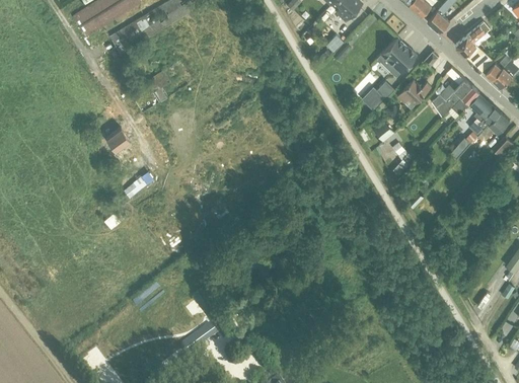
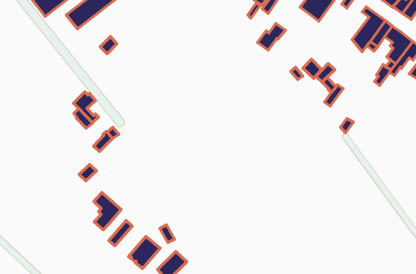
building: [397,79,431,109] -> none
building: [362,80,395,109] -> [258,23,286,50]
building: none -> [94,193,121,230]
building: none -> [128,237,160,268]

